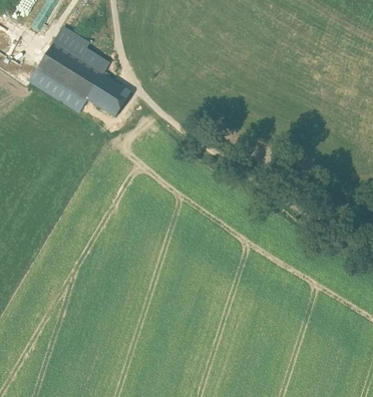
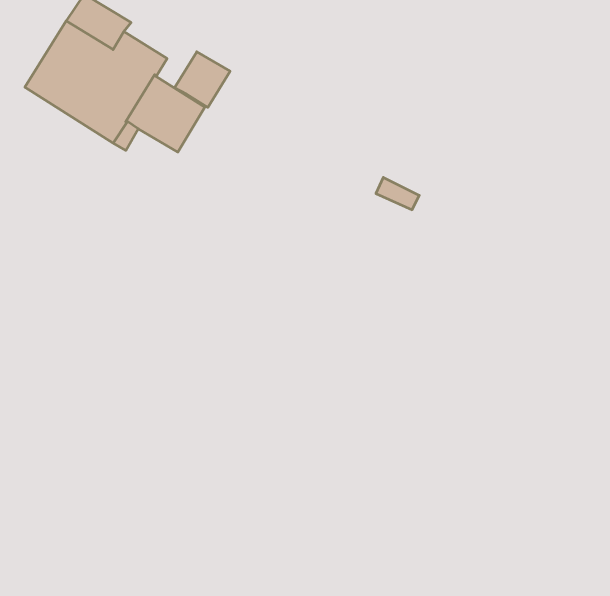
building: none -> [175,52,230,107]

